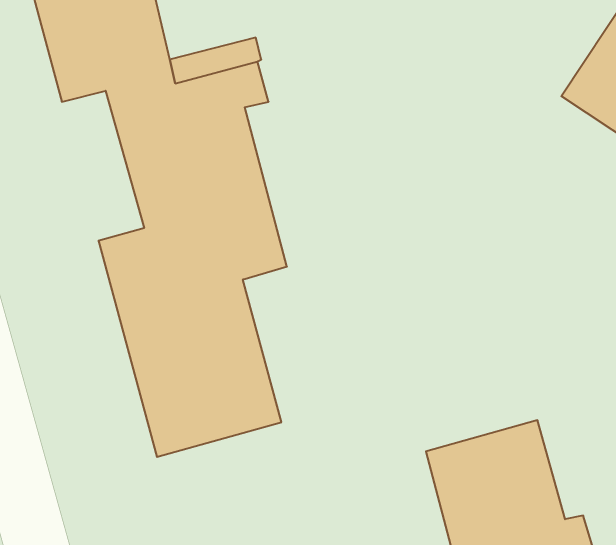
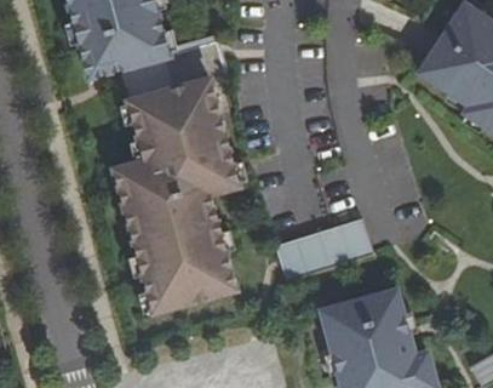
building: none -> [274,221,369,280]

